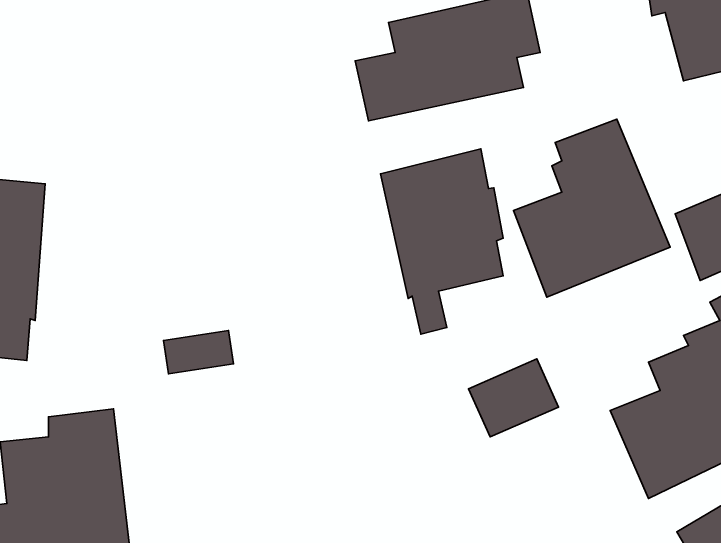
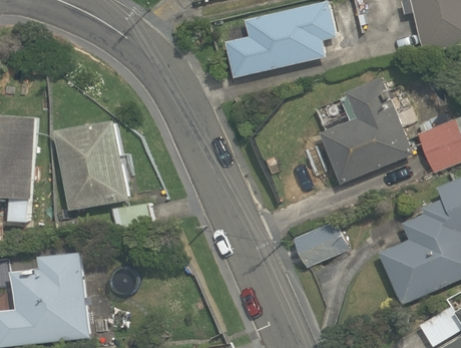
building: [380,149,503,334] -> none
building: none -> [55,118,130,211]

